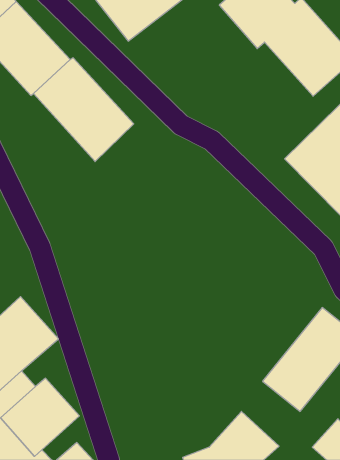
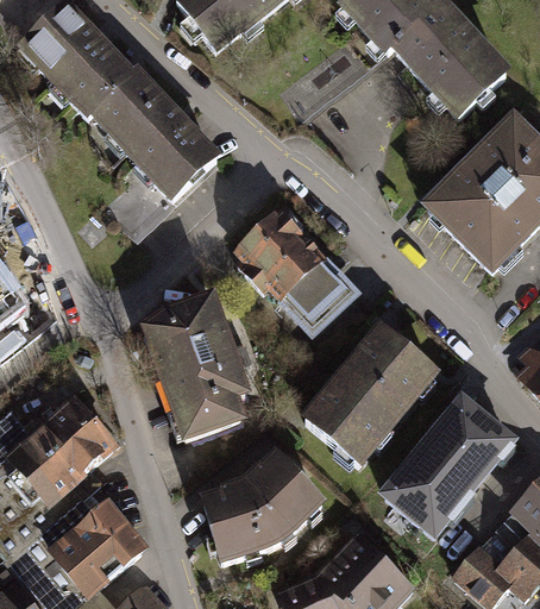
building: none -> [239,209,356,327]
building: none -> [151,294,247,433]
building: none -> [308,325,438,460]
building: none -> [207,454,324,558]

